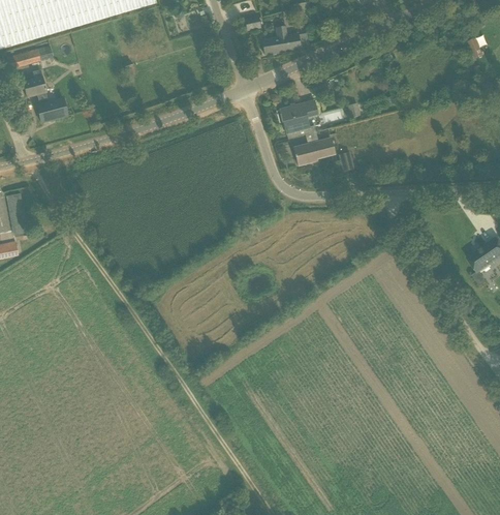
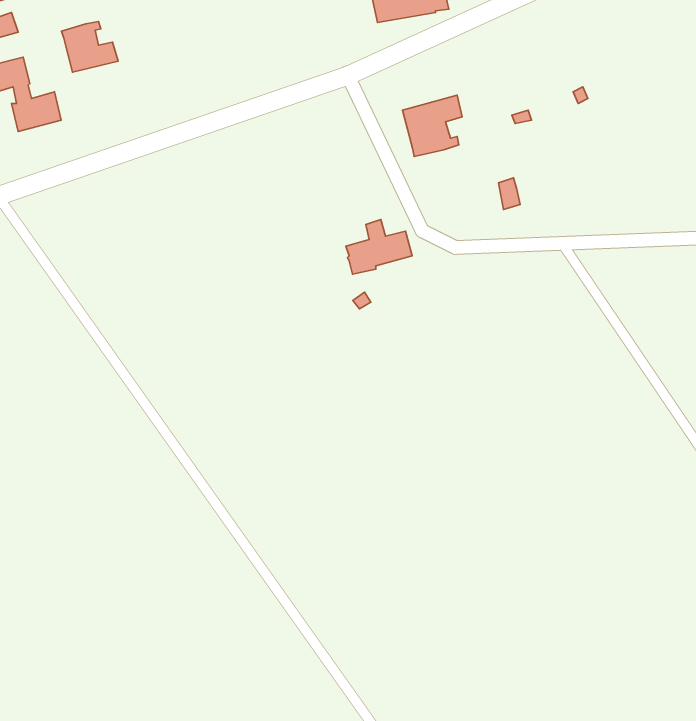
building: none -> [61,22,118,72]
building: [292,129,334,163] -> [346,220,412,274]

